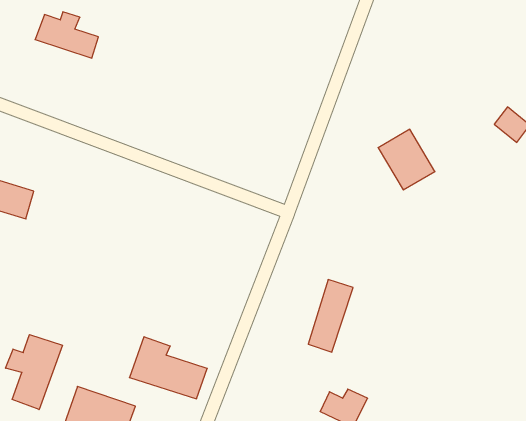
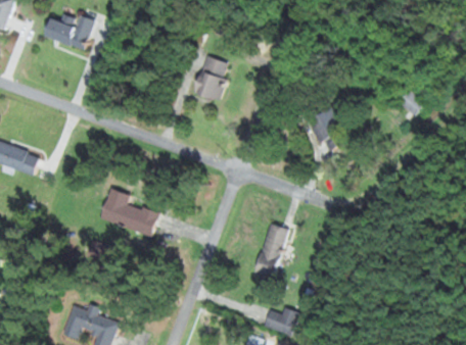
building: none -> [194,56,230,100]
building: [6,335,62,410] -> none
building: [129,337,207,399] -> [99,189,159,237]

